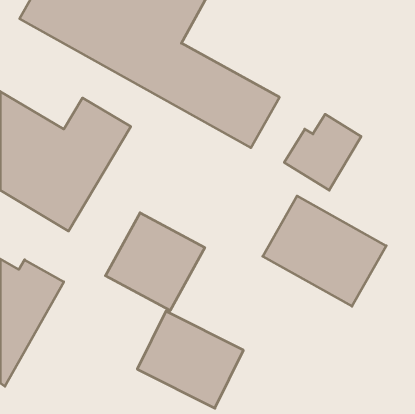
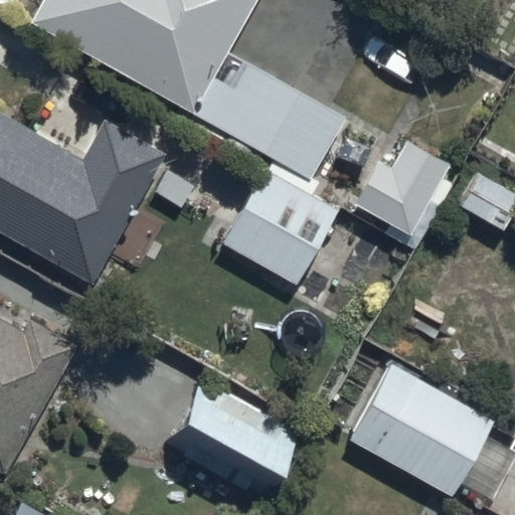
building: none -> [219,168,337,286]
building: [263,196,386,306] -> [344,360,496,496]
building: [105,213,205,311] -> none

